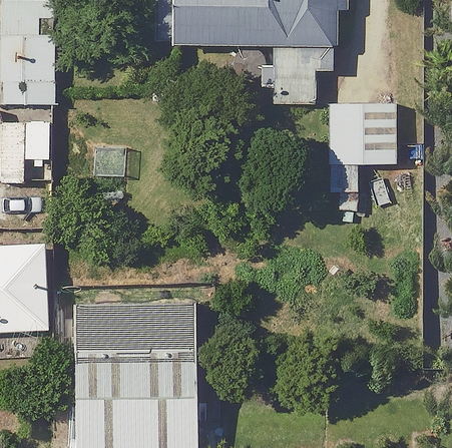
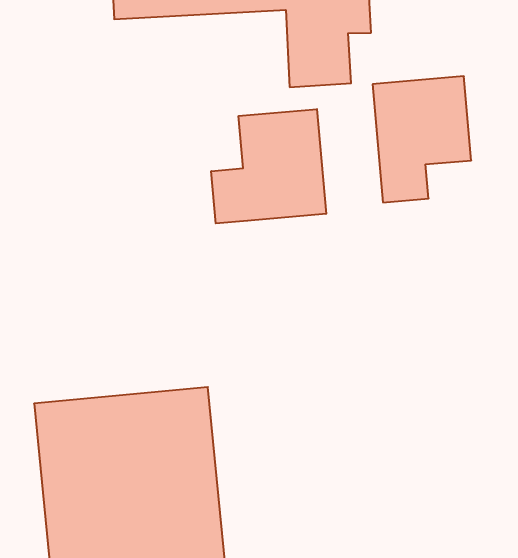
building: none -> [211,109,326,223]

